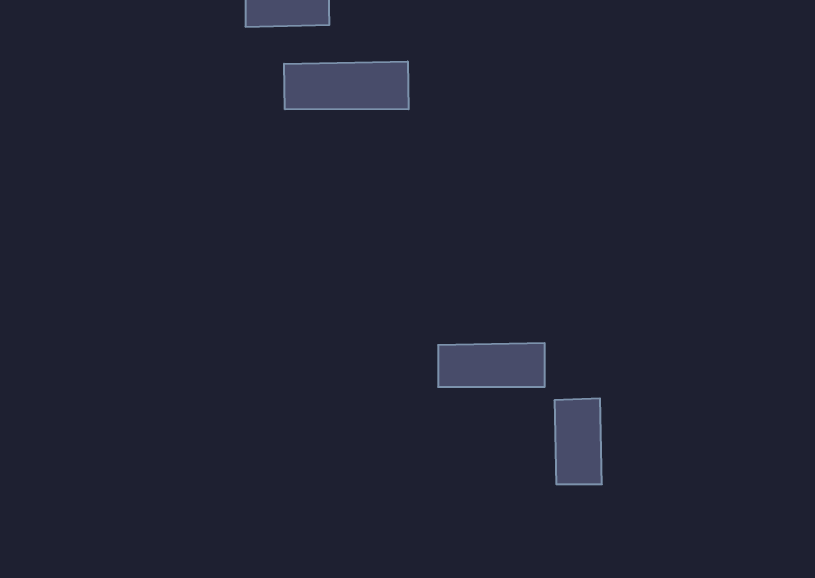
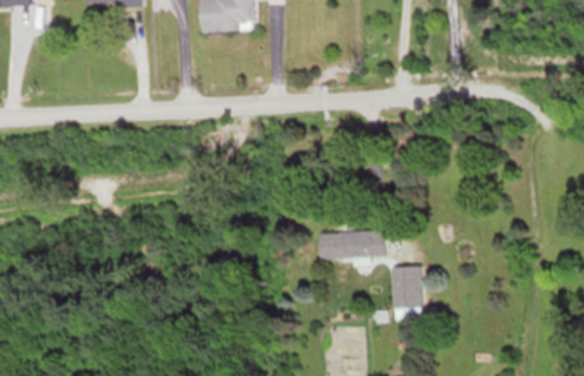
building: [284,61,409,109] -> none

